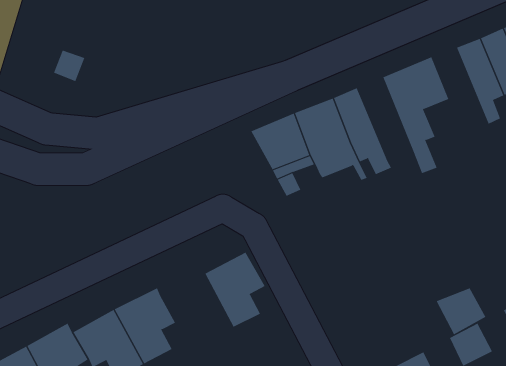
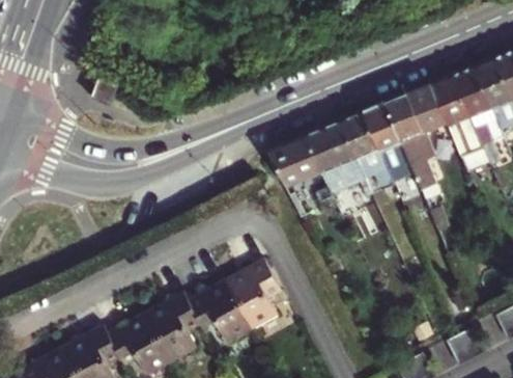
building: none -> [431,76,488,170]
building: none -> [364,103,414,179]
building: none -> [187,280,252,344]
building: [436,288,486,335] -> none

